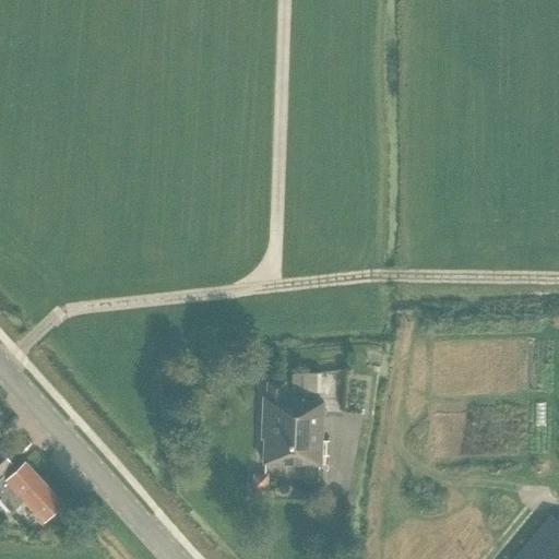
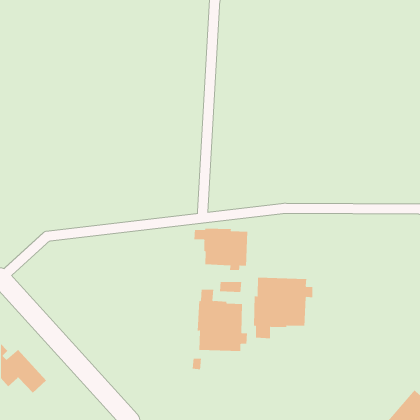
building: none -> [194,228,248,271]
building: none -> [254,277,313,339]

